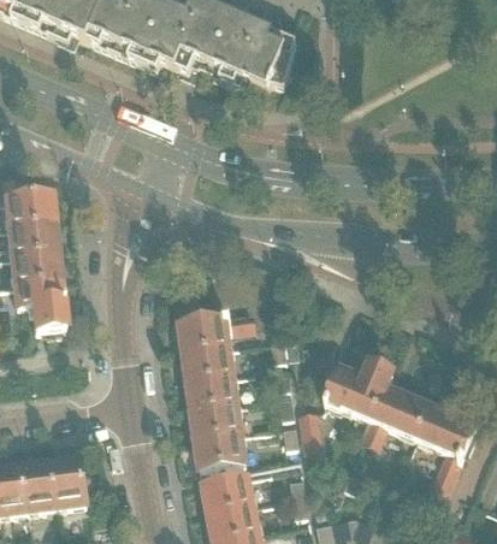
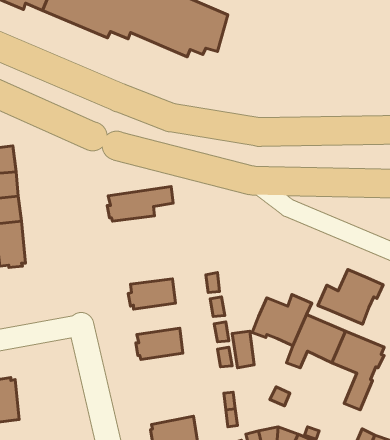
building: [178,309,254,349] -> [107,186,173,221]
building: none -> [318,270,383,324]
building: [187,371,241,407] -> none
building: [194,428,249,465] -> none
building: [52,453,87,504] -> none
building: [201,472,256,510] -> none

